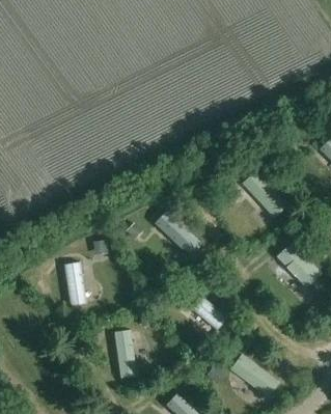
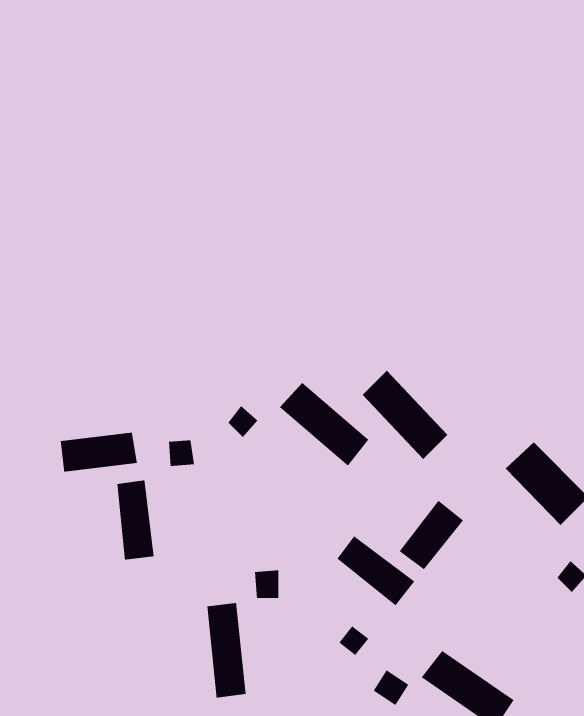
building: [243,169,289,218] -> [362,370,448,460]
building: none -> [60,432,138,473]
building: none -> [399,500,464,570]

